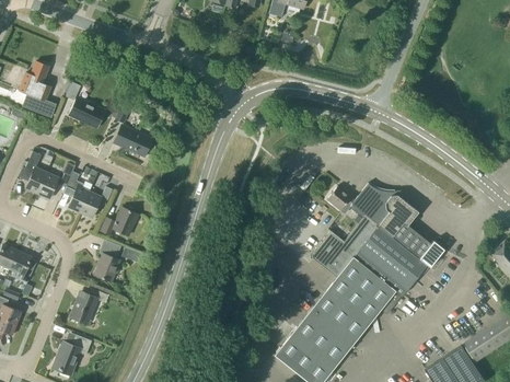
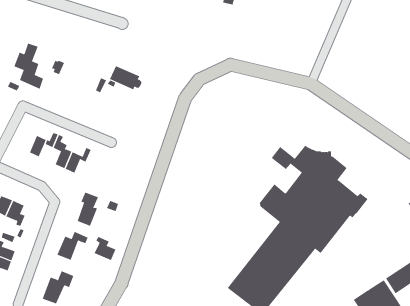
building: [70,99,105,128] -> none
building: [115,126,154,155] -> [109,65,142,90]
building: [18,151,46,193] -> none
building: [101,207,139,235] -> none
building: none -> [94,236,116,261]

